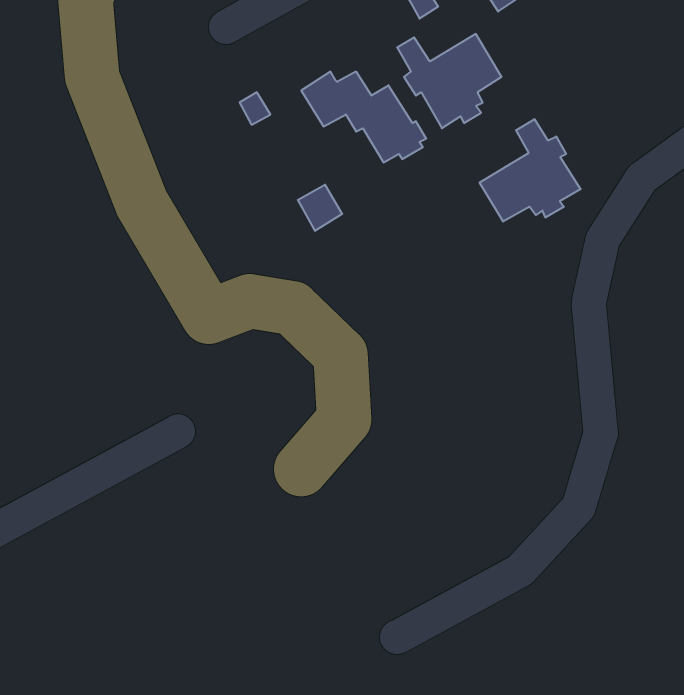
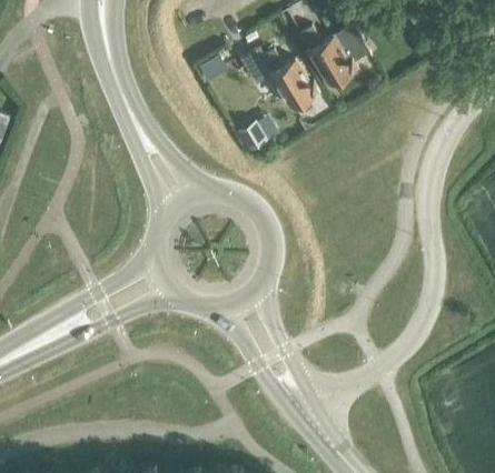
building: [480,119,581,222] -> none

